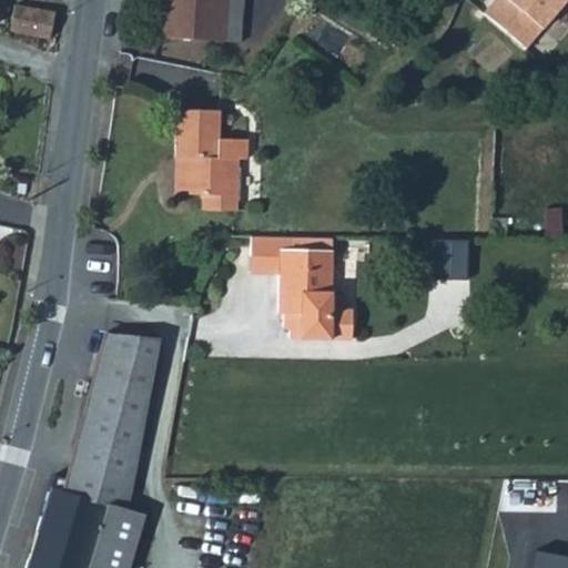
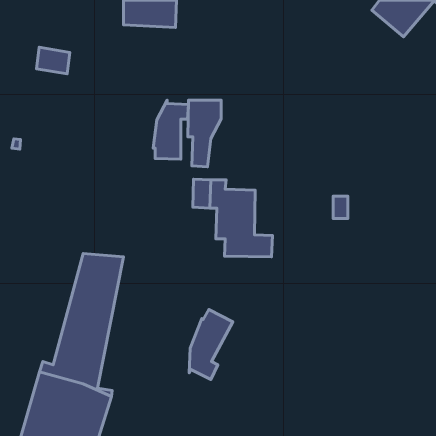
building: [13,7,57,41] -> [36,47,70,74]
building: [175,108,219,194] -> [188,100,221,167]
building: none -> [189,309,233,380]

